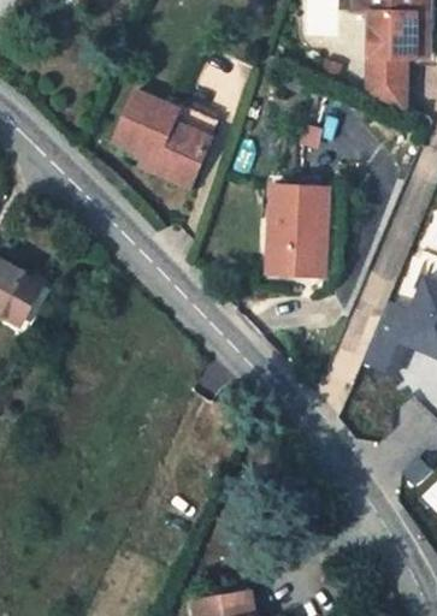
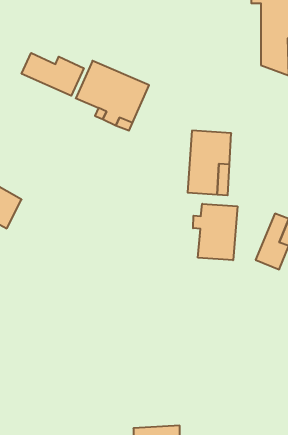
building: none -> [22,53,84,96]
building: none -> [193,204,237,260]

